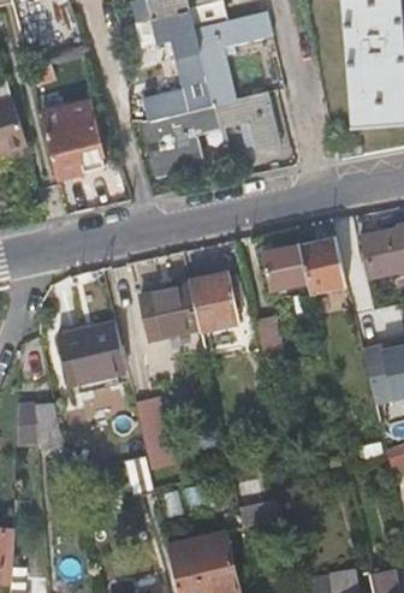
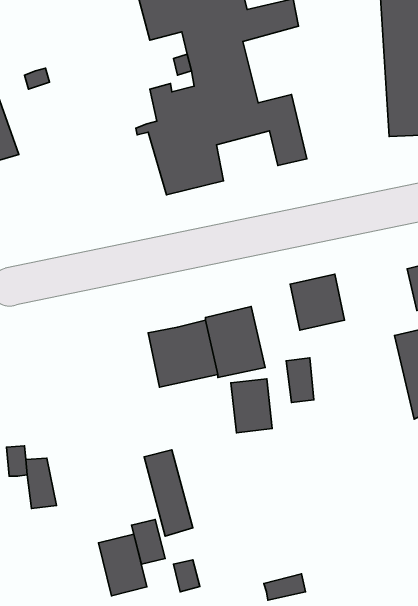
building: [41,103,103,177] -> none
building: [301,237,349,293] -> none
building: [61,328,130,392] -> none
building: none -> [231,379,272,433]
building: none -> [99,534,147,596]

